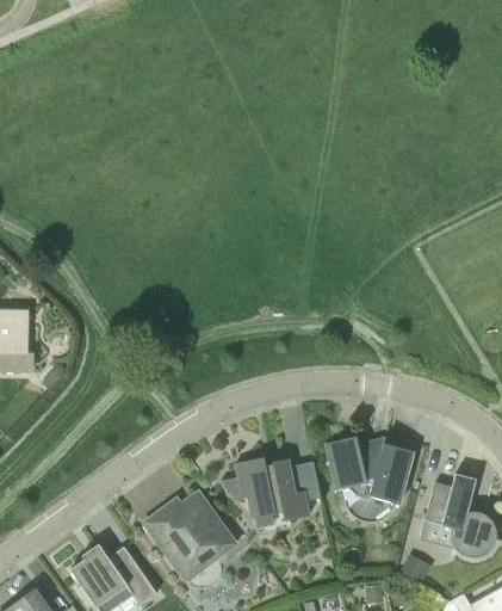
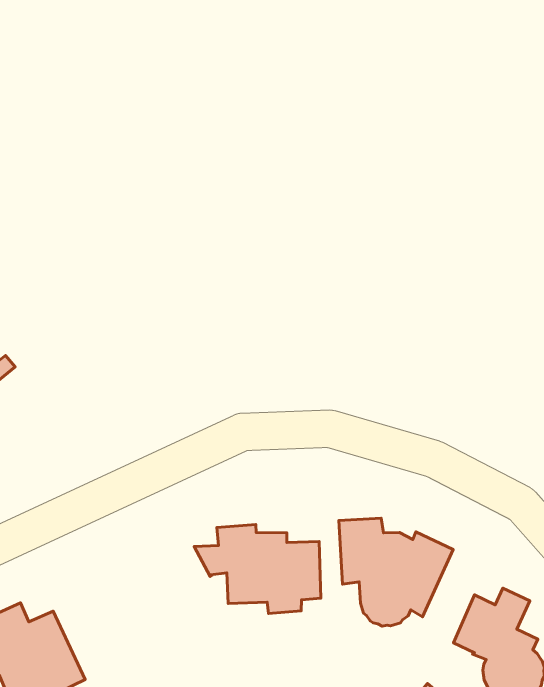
building: [143,492,236,575] -> none

